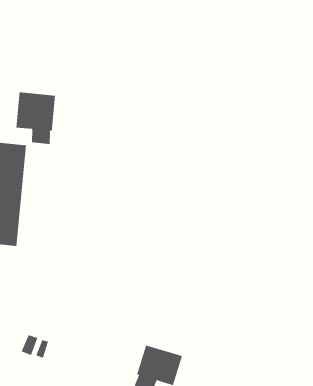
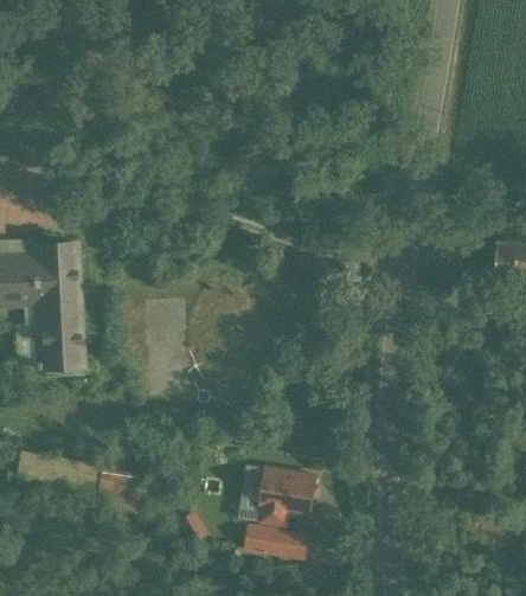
building: [16,92,56,145] -> none

